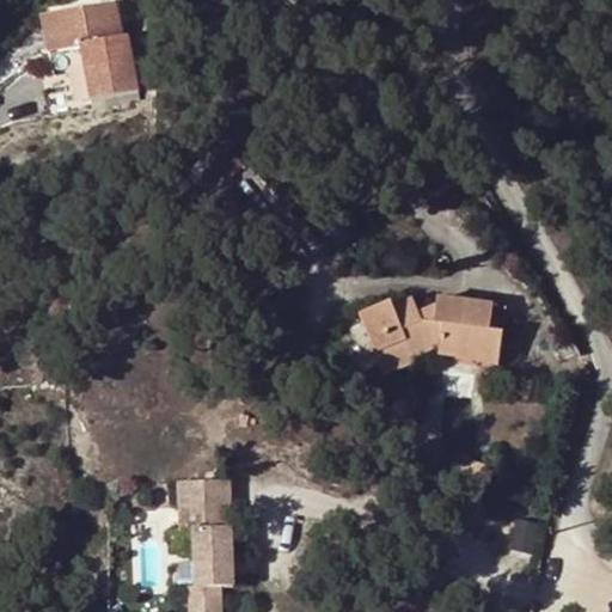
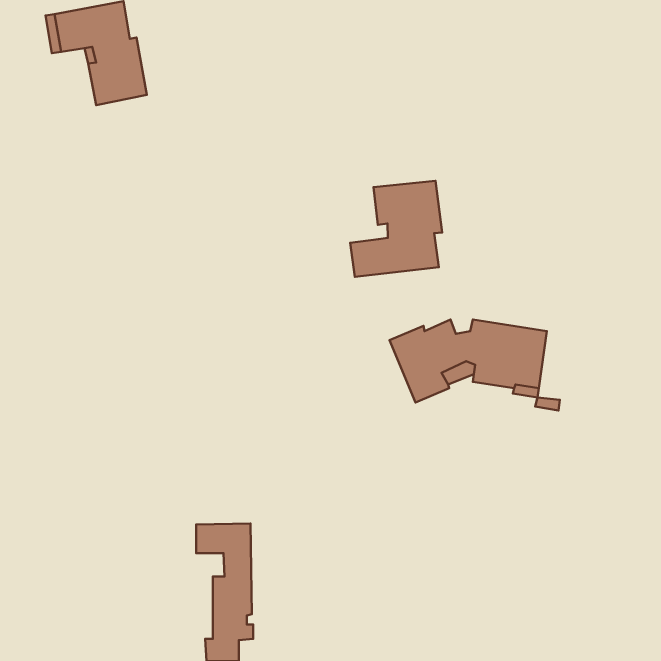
building: none -> [350,181,442,277]

